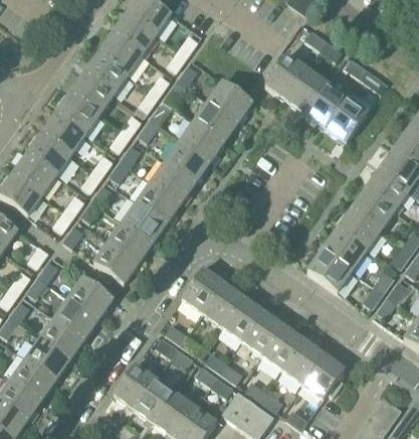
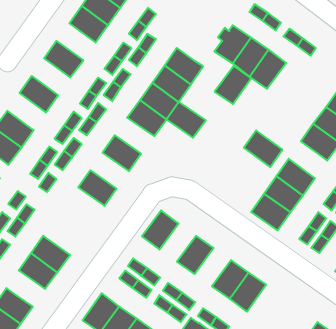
building: [83,52,129,95] -> none
building: [55,93,99,135] -> none
building: [326,98,368,142] -> [215,66,251,104]
building: [27,133,71,175] -> none
building: [151,161,196,202] -> [166,102,206,138]
building: [351,188,395,231] -> [244,130,282,167]
building: [123,201,167,243] -> none
building: [93,242,139,284] -> none
building: [68,277,114,319] -> none
building: [202,283,244,327] -> none
building: [242,311,284,355] -> none
building: [26,337,70,379] -> none
building: [302,353,345,399] -> none

